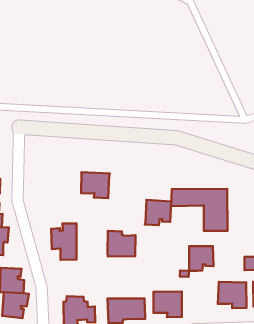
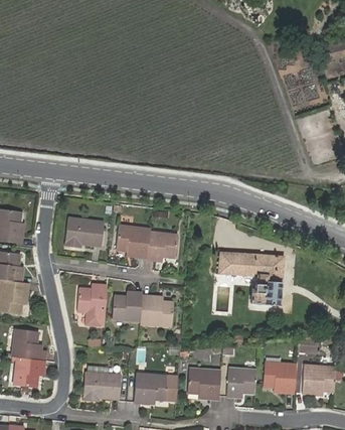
building: none -> [64,218,103,248]
building: [145,200,171,225] -> [145,232,177,262]
building: none -> [113,292,143,320]
building: [189,246,213,271] -> [227,369,256,398]

